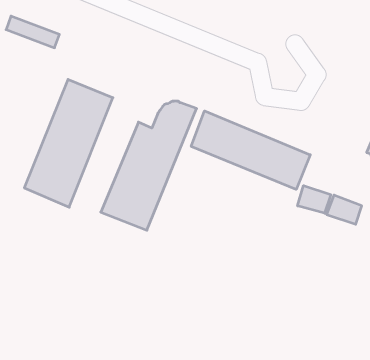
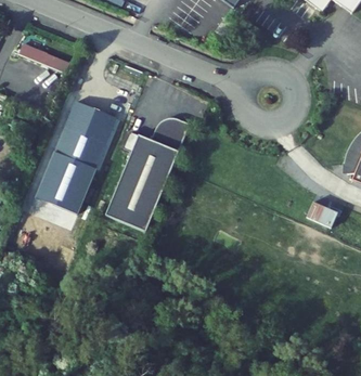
building: [191,111,310,189] -> none
building: [298,186,331,213] -> none

